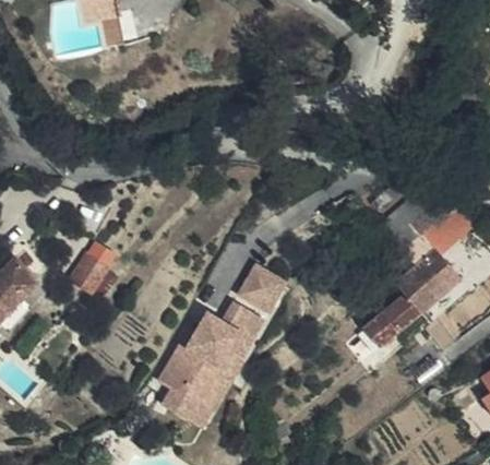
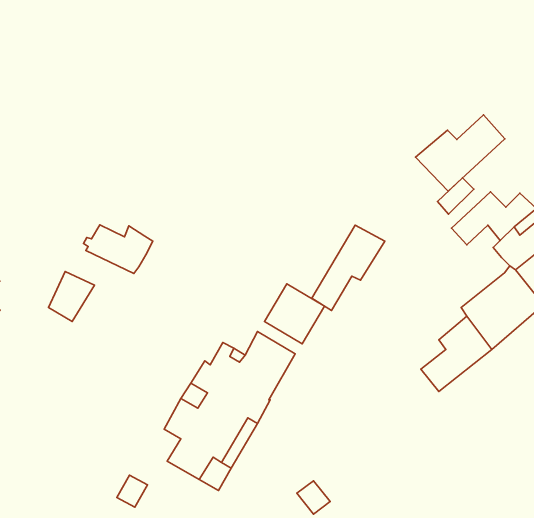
building: none -> [416,115,505,191]
building: none -> [83,225,153,274]
building: none -> [312,225,385,311]

